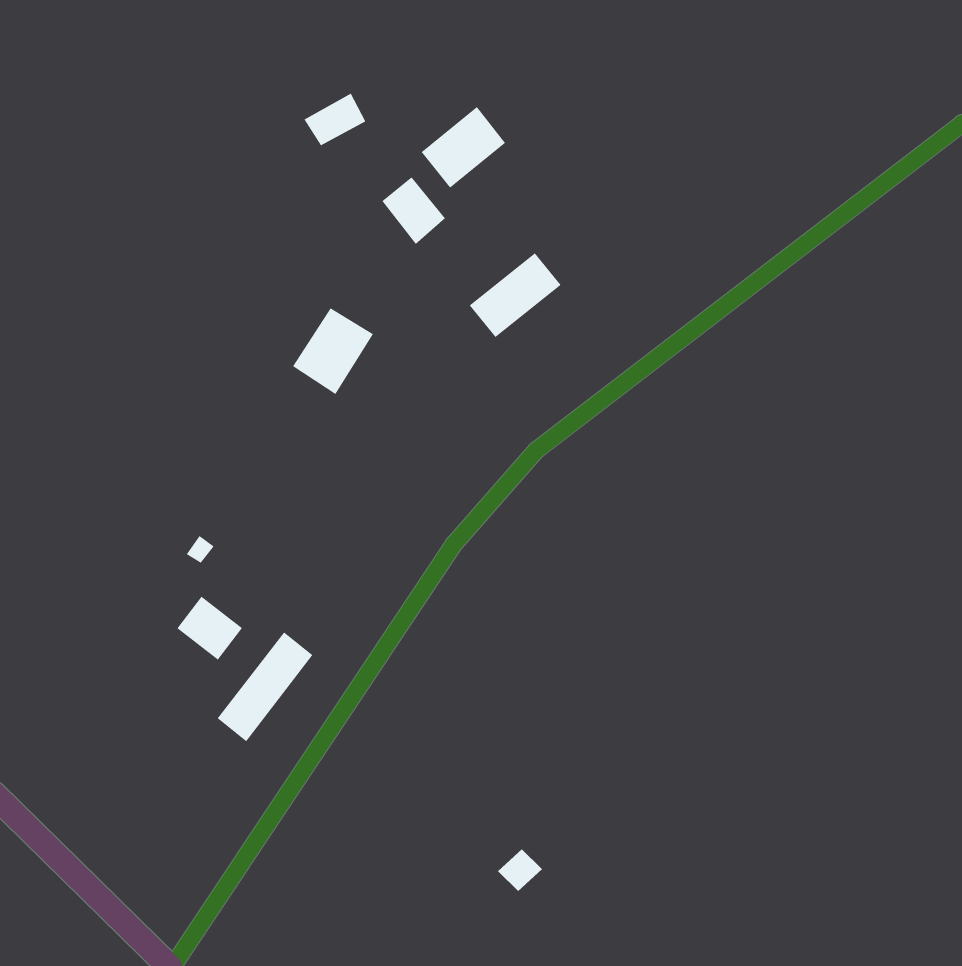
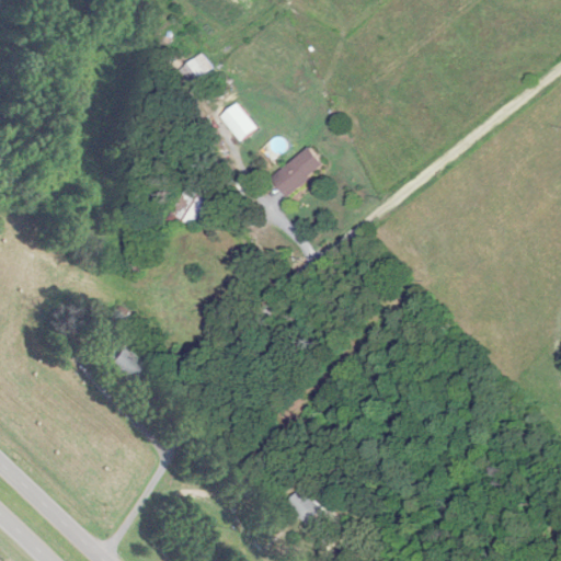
building: [421,106,506,189] -> none
building: [217,632,313,742] -> none

